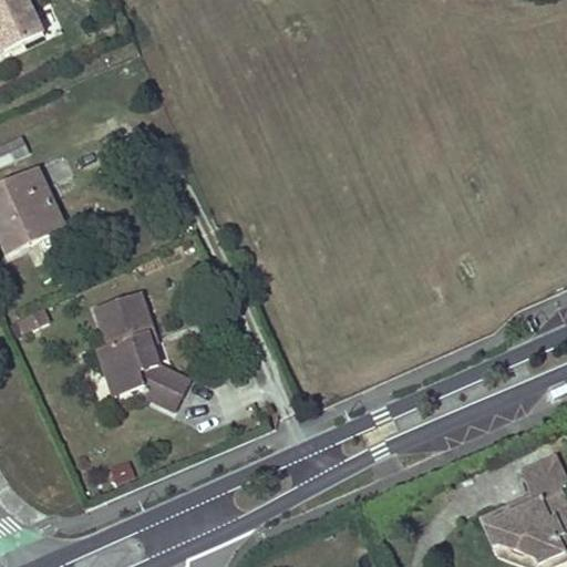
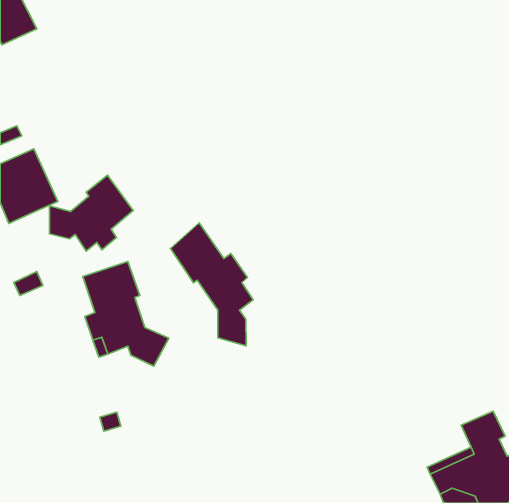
building: none -> [49,175,133,251]
building: none -> [170,223,253,346]

